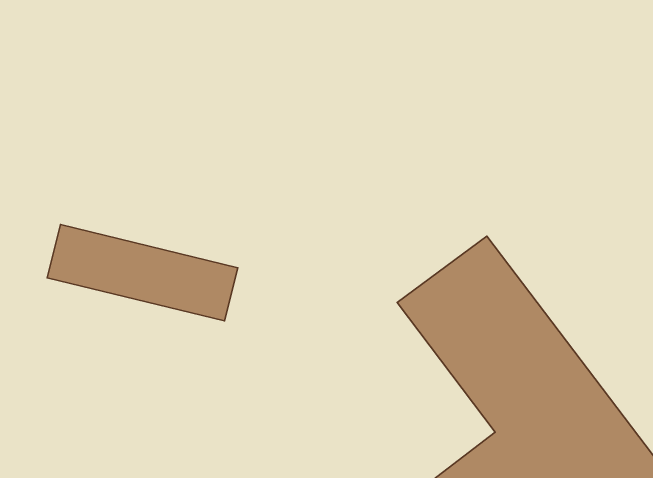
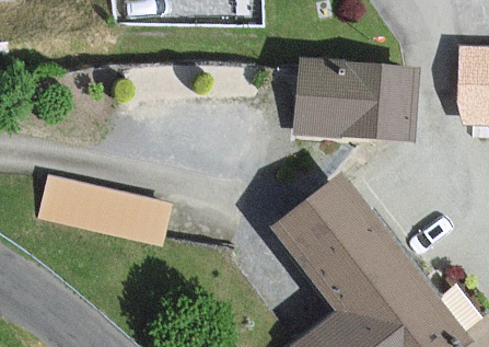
building: none -> [299,67,410,142]

